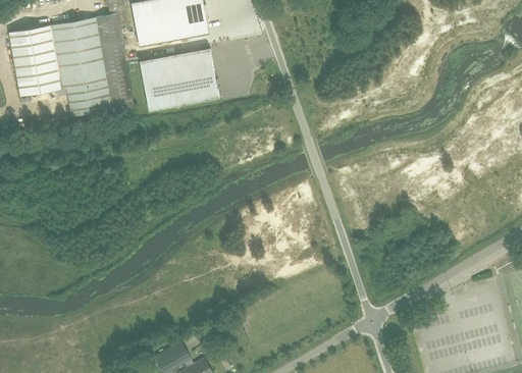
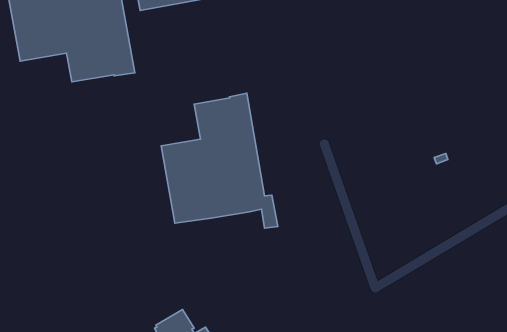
building: [139,48,218,111] -> none
building: none -> [161,93,278,228]

